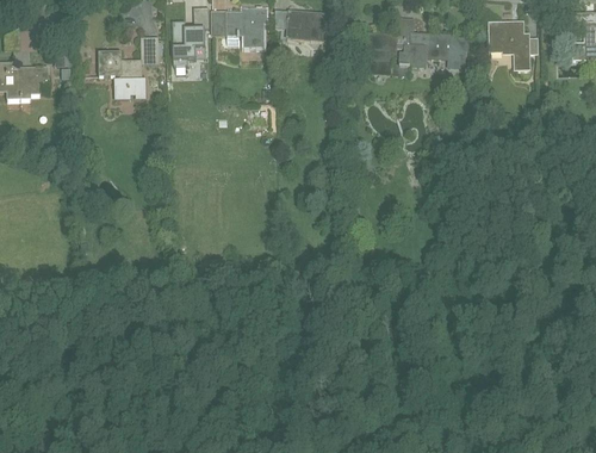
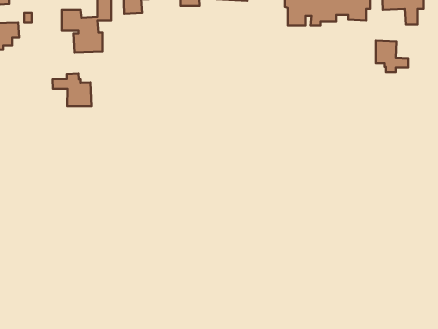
building: none -> [376,41,408,72]
building: none -> [53,74,91,106]

